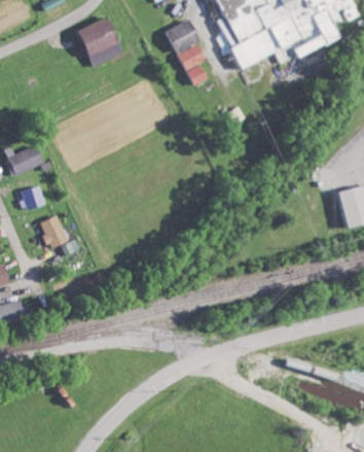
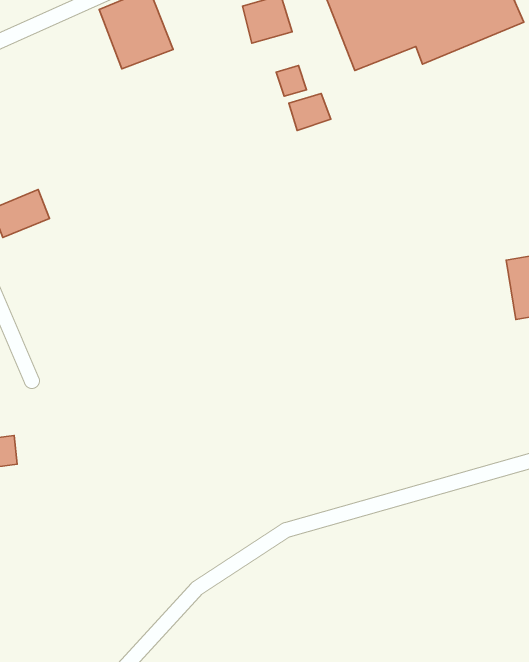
building: [179,46,206,70] -> [289,94,331,131]
building: [22,186,44,209] -> none
building: [38,214,69,249] -> none

